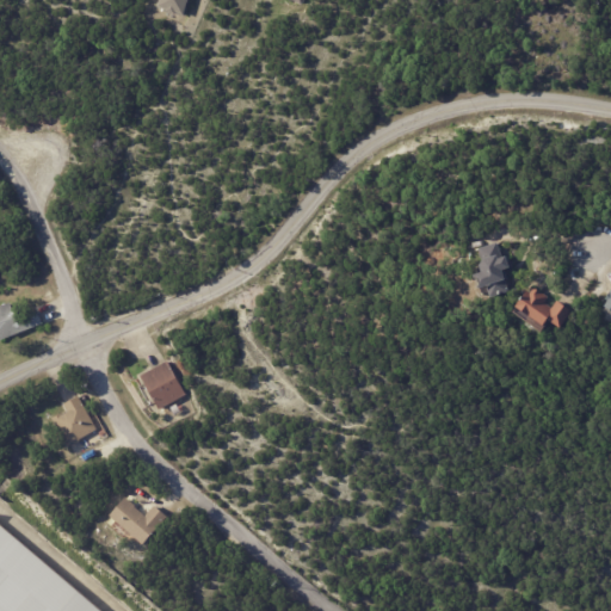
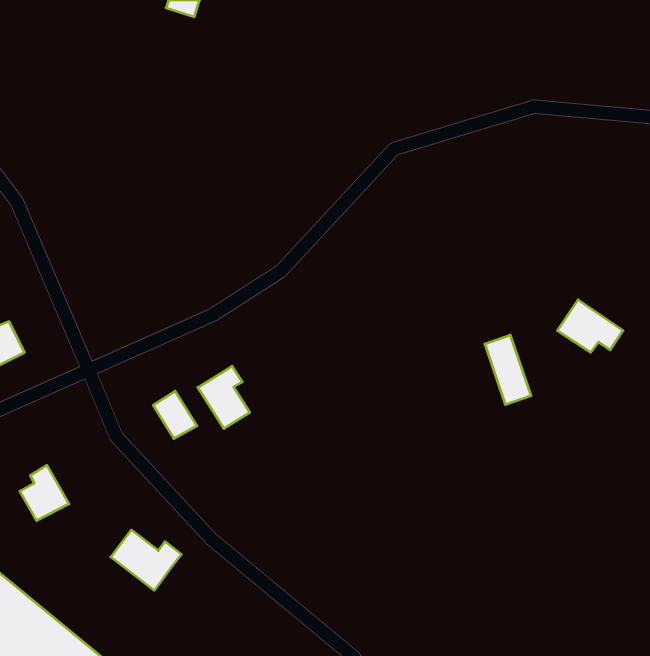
building: [468,232,511,296] -> [485,335,531,405]
building: none -> [198,366,250,429]
building: [51,394,97,445] -> [20,465,69,521]

